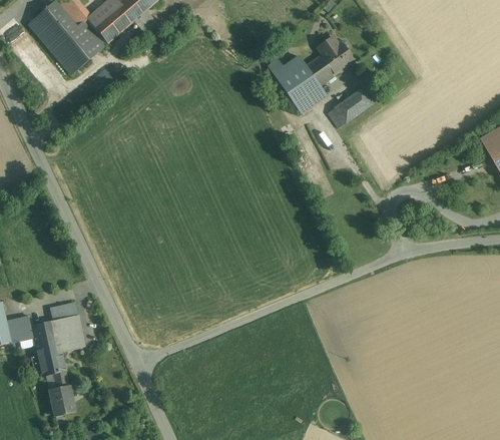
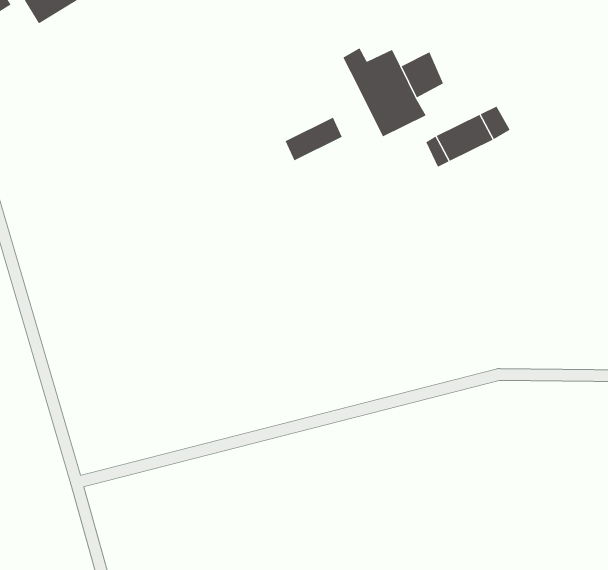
building: [318,38,353,73] -> none
building: none -> [285,117,342,161]

